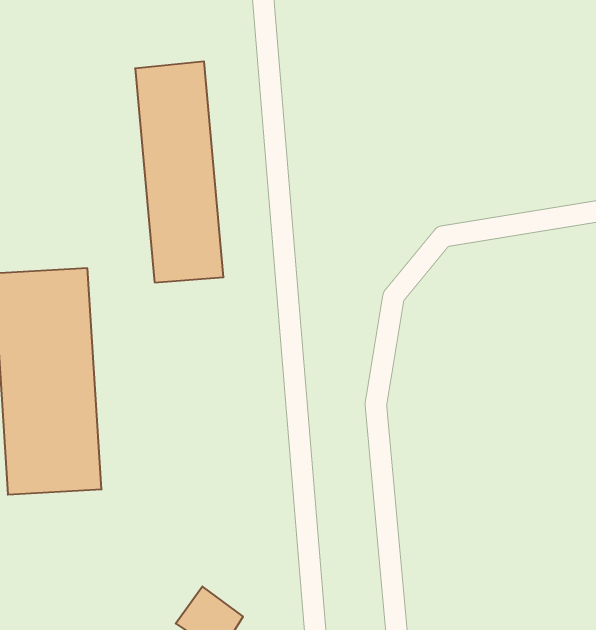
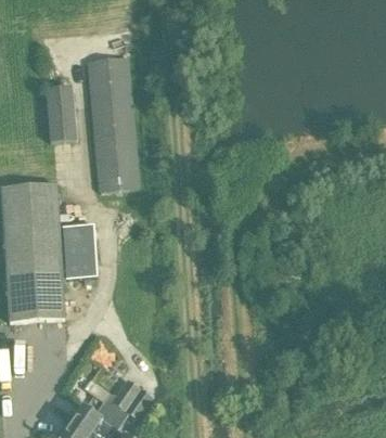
building: none -> [46,87,78,142]
building: none -> [64,221,94,274]

